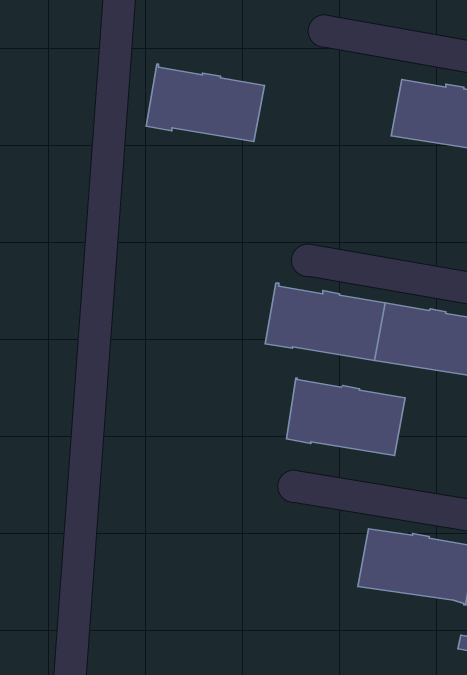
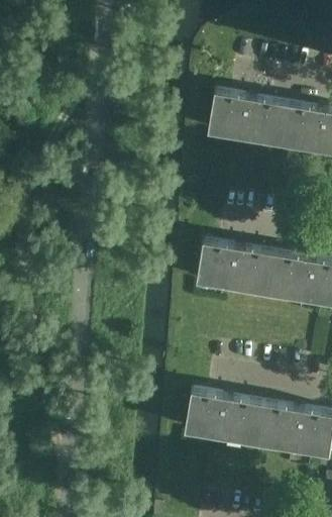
building: [146,64,265,142] -> [207,91,286,142]
building: [287,378,405,455] -> [185,391,263,442]

